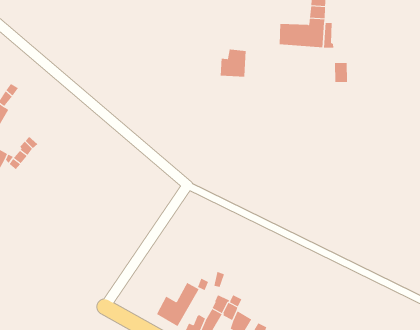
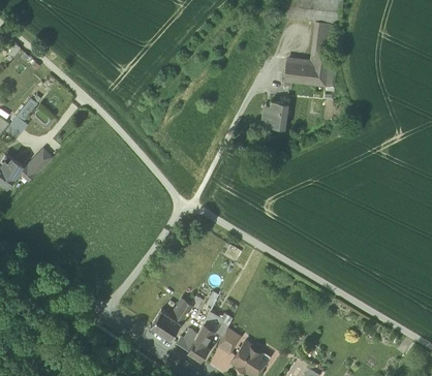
building: [220,49,247,77] -> [260,102,287,130]

